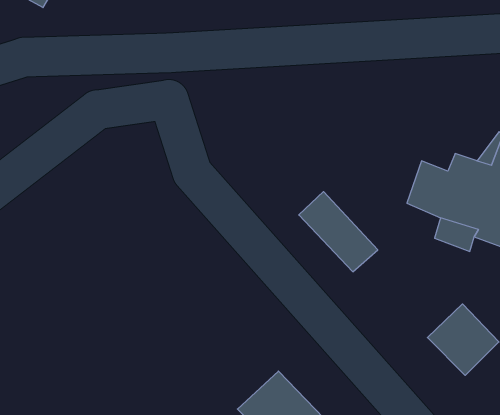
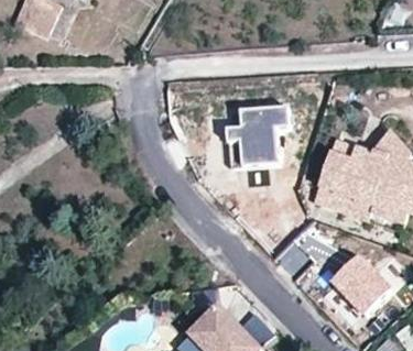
building: none -> [225,106,286,164]

